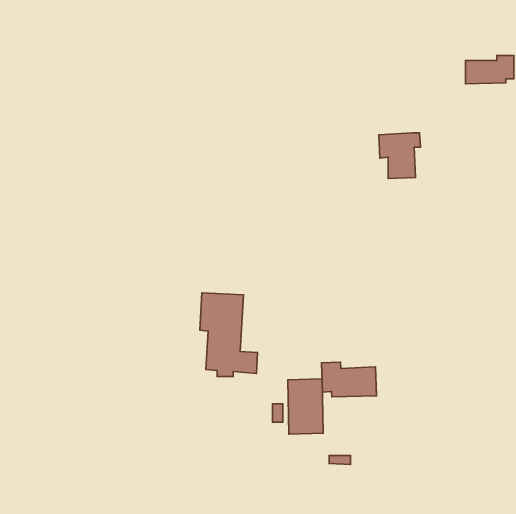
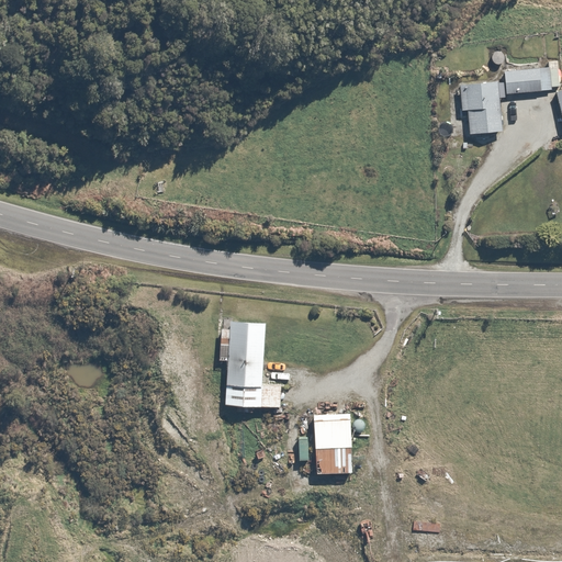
building: [379,133,420,178] -> [460,83,505,133]
building: [321,362,377,397] -> none

